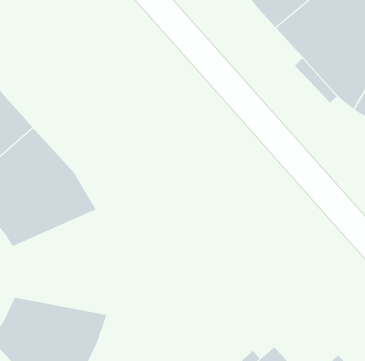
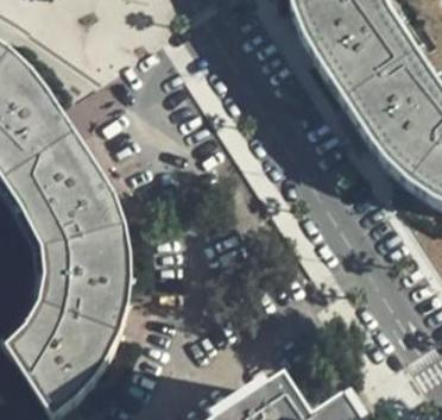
building: none -> [30,225,130,331]

